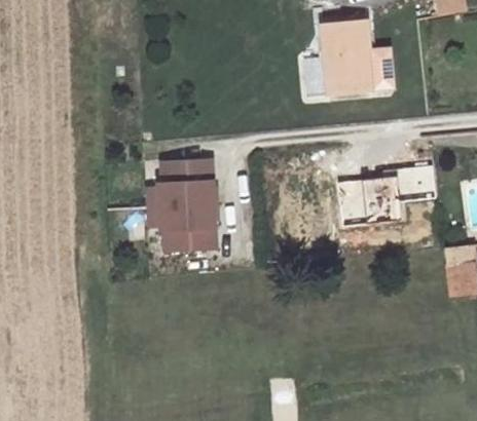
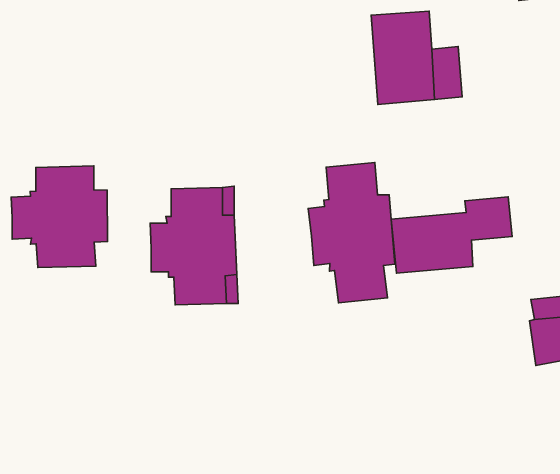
building: none -> [308,162,395,303]
building: none -> [11,166,108,268]

